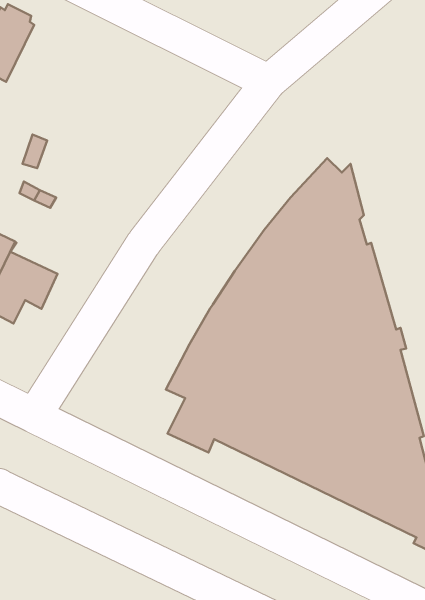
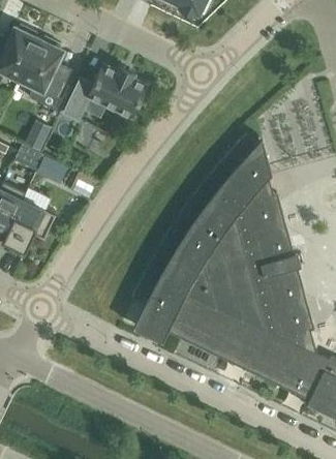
building: none -> [19,37,64,110]
building: none -> [63,65,146,120]

